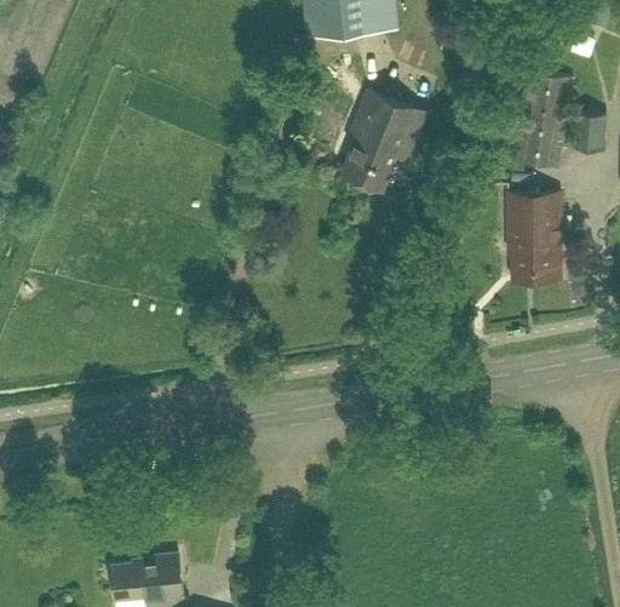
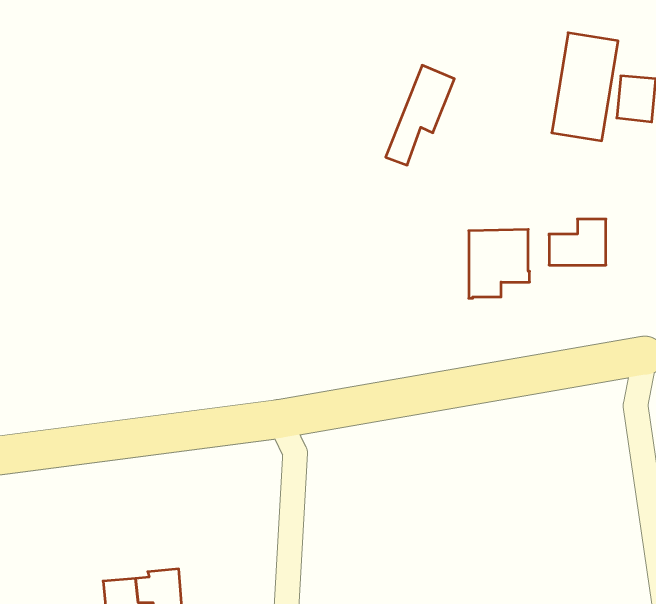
building: [340,88,396,183] -> none
building: [506,191,561,253] -> [469,229,530,298]

